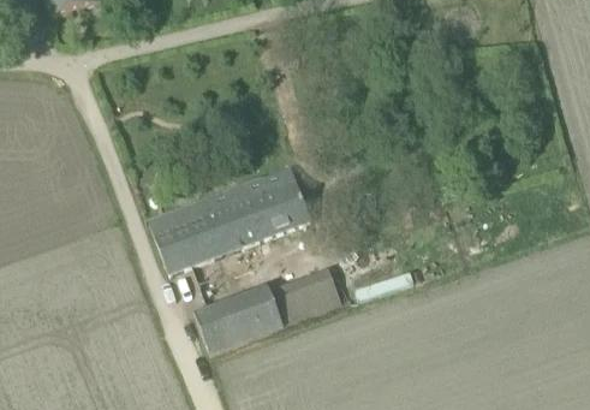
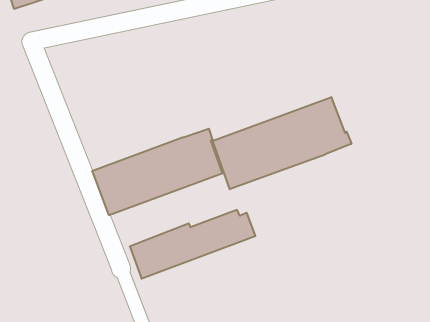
building: none -> [213,97,351,189]

